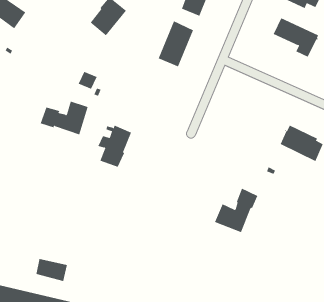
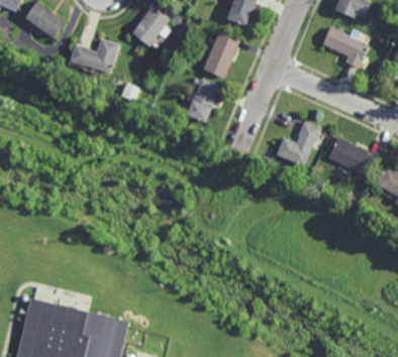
building: [40,101,89,135] -> [70,37,120,73]
building: [98,125,132,168] -> [184,78,219,122]
building: [214,188,258,233] -> [276,120,321,166]
building: [36,258,68,282] -> none

